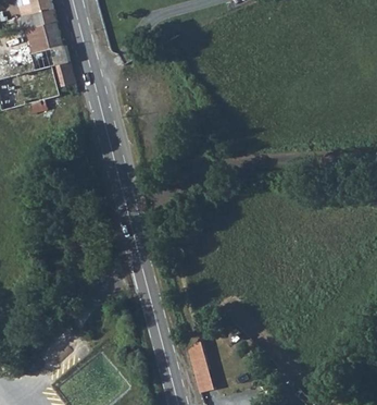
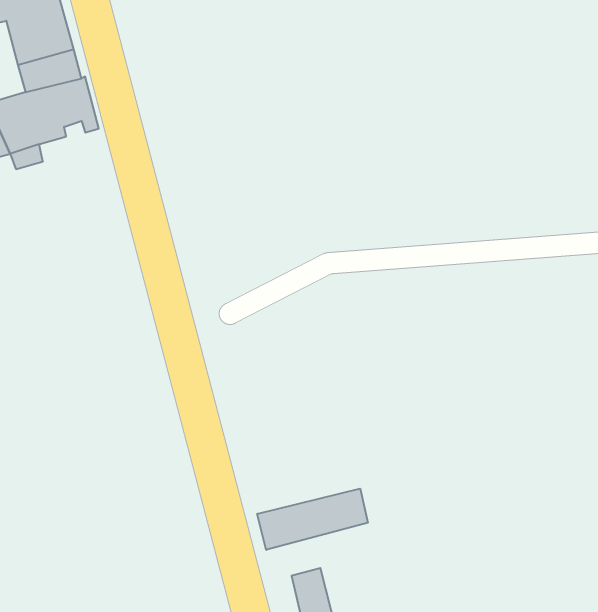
building: none -> [257,489,368,550]

